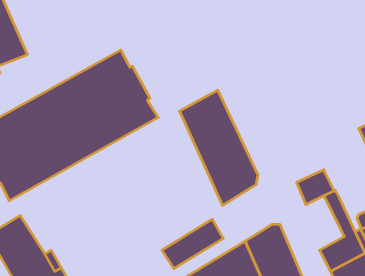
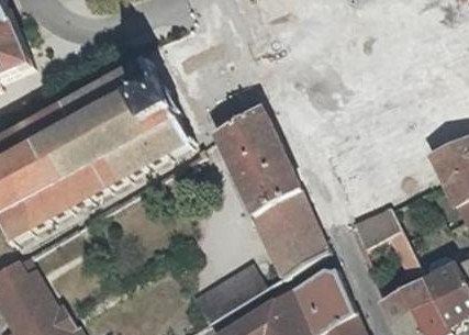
building: none -> [268,212,328,280]

